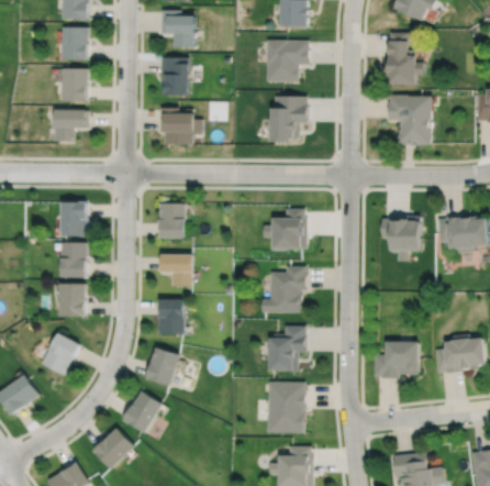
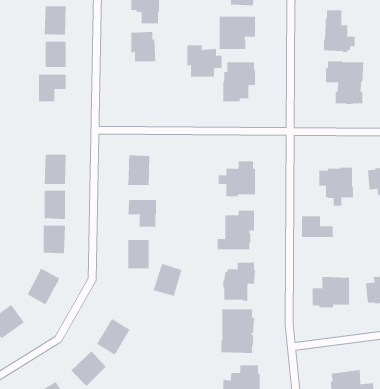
building: [162,107,203,144] -> [186,45,222,77]
building: none -> [301,215,333,238]
building: [146,347,180,386] -> [153,263,182,296]

